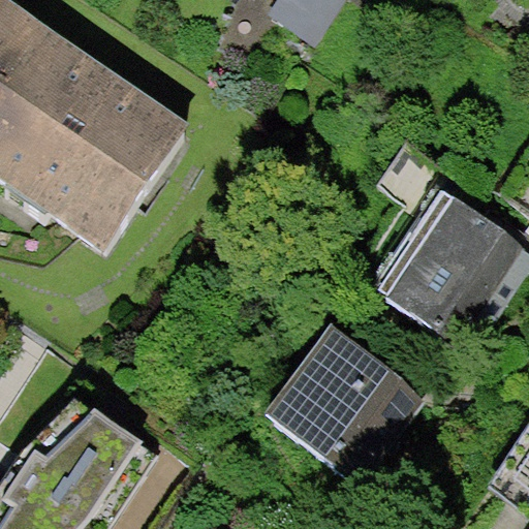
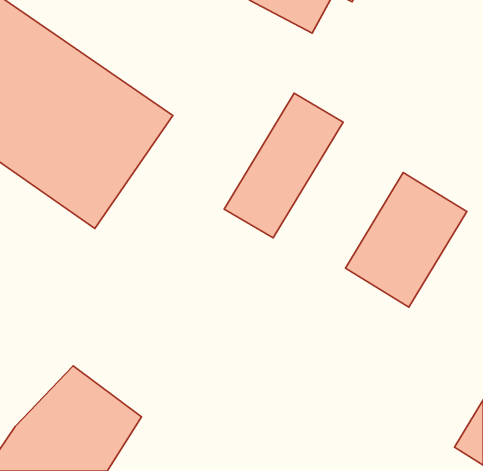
building: none -> [224,93,343,238]
building: [266,328,421,481] -> none

